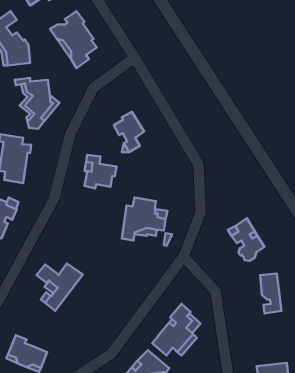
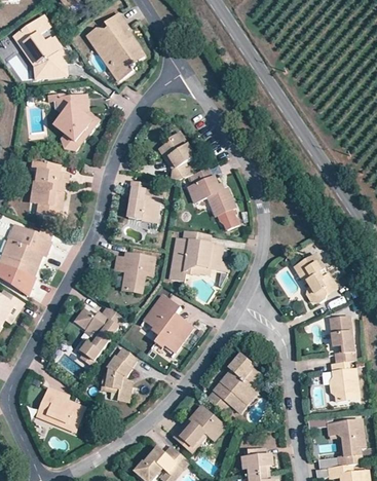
building: none -> [186,166,237,228]
building: none -> [115,253,155,292]
building: none -> [145,295,193,352]
building: none -> [100,347,135,401]
building: none -> [329,362,357,403]

